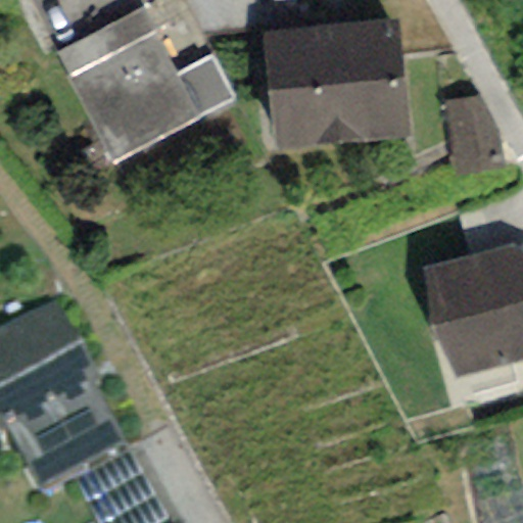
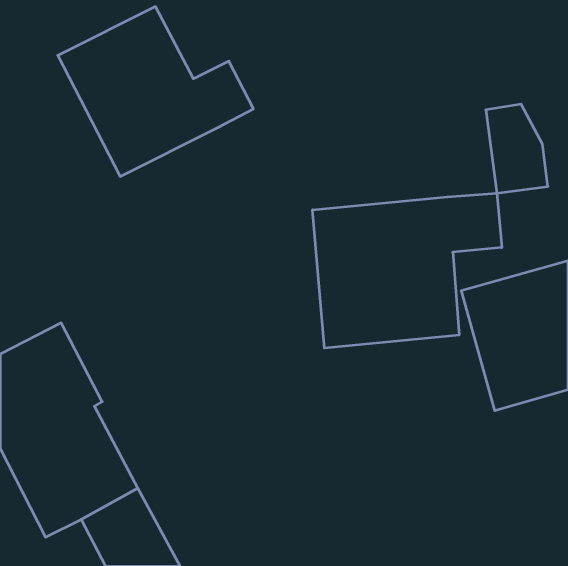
building: [260,19,410,149] -> none
building: none -> [313,193,502,348]

